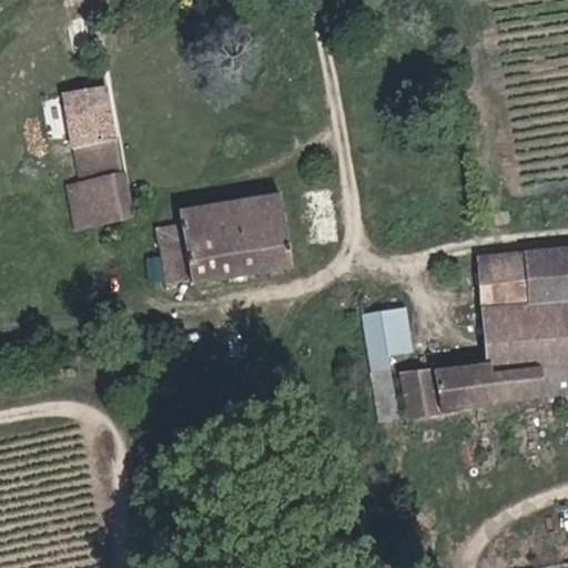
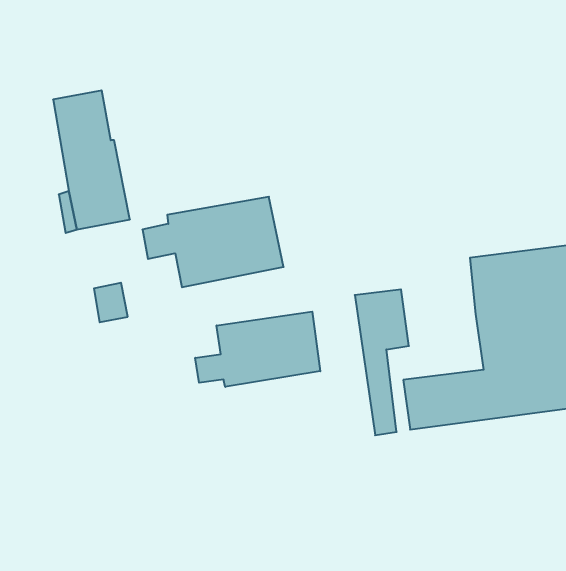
building: [156,248,190,287] -> [94,283,128,322]
building: none -> [195,312,320,387]

